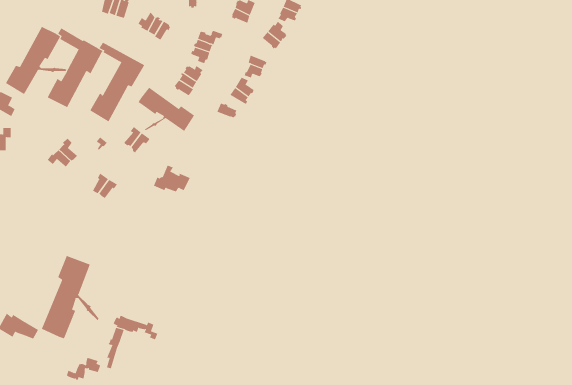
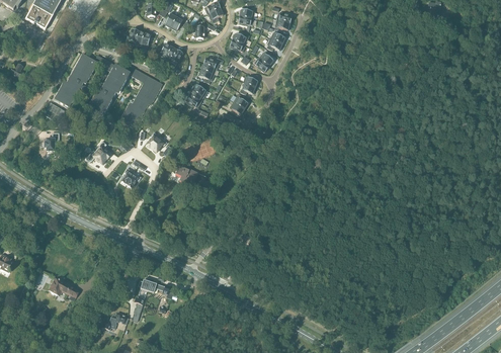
building: [138,87,195,132] -> none
building: [41,255,99,339] -> none

